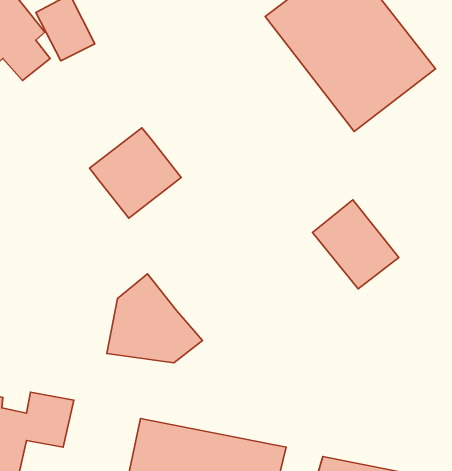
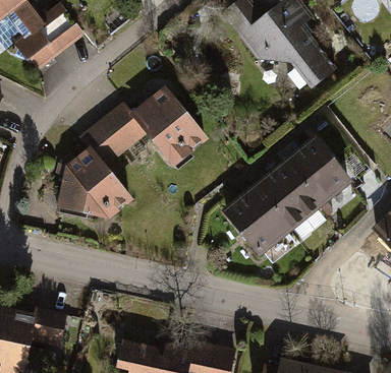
building: none -> [130,85,205,164]
building: none -> [286,133,353,202]
building: none -> [223,183,290,252]
building: [107,274,203,363] -> [58,143,132,212]

